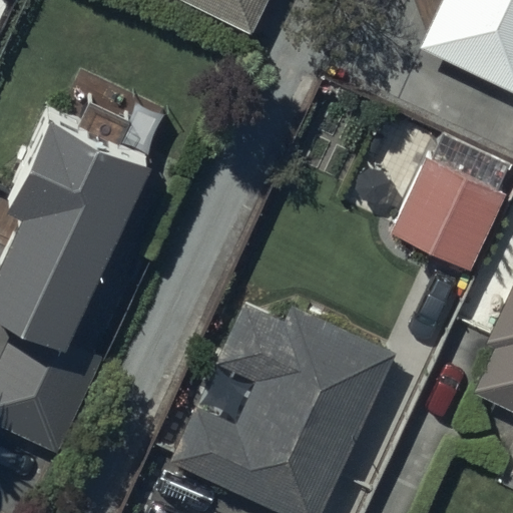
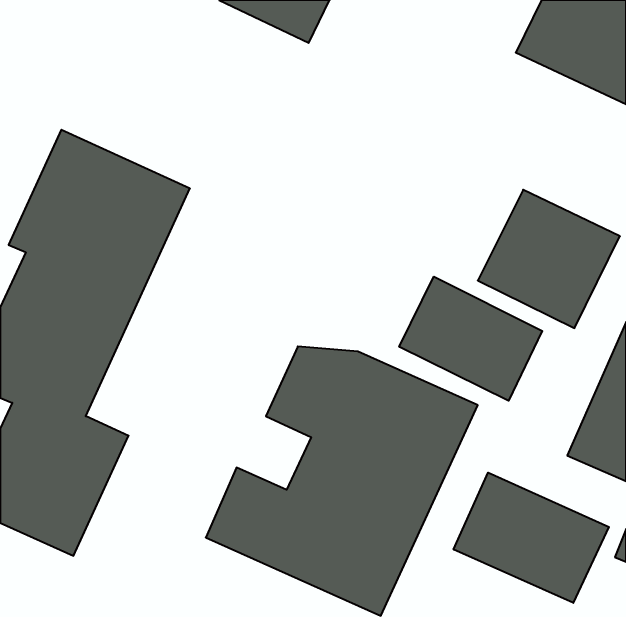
building: none -> [399,277,542,401]
building: none -> [454,473,609,603]

